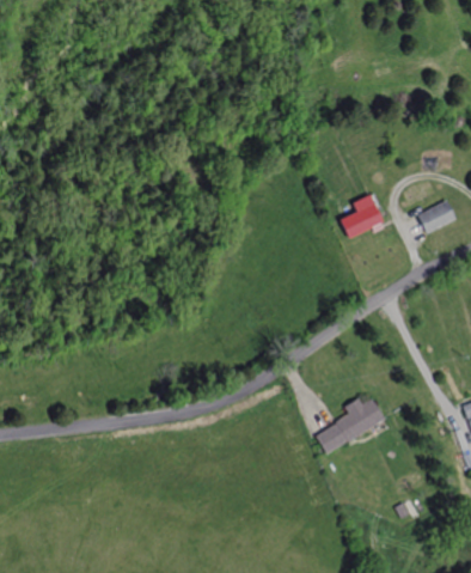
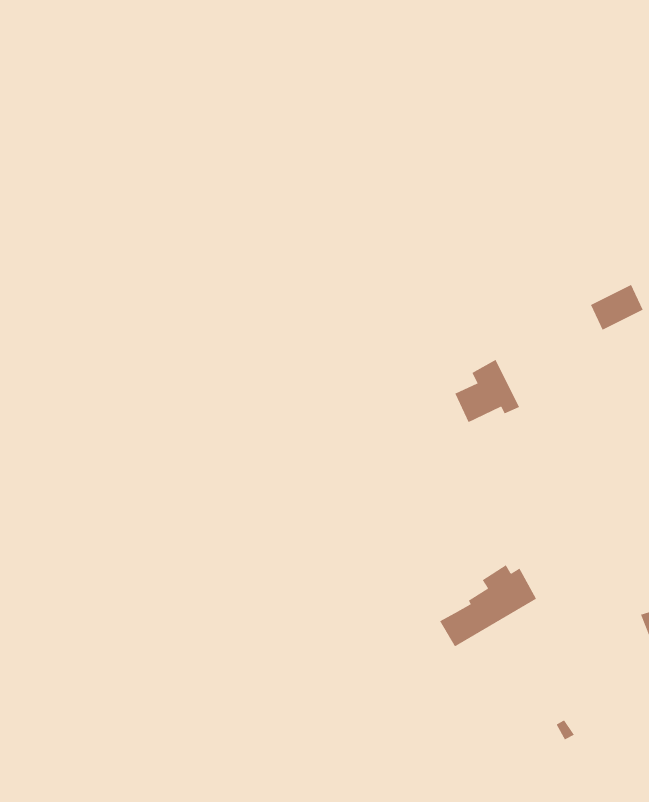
building: [341,194,386,238] -> [454,359,520,423]

